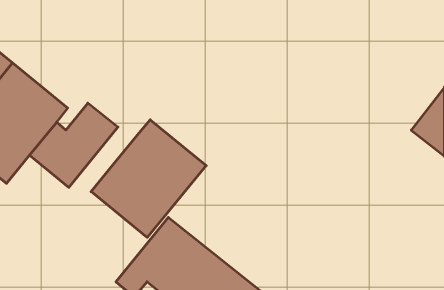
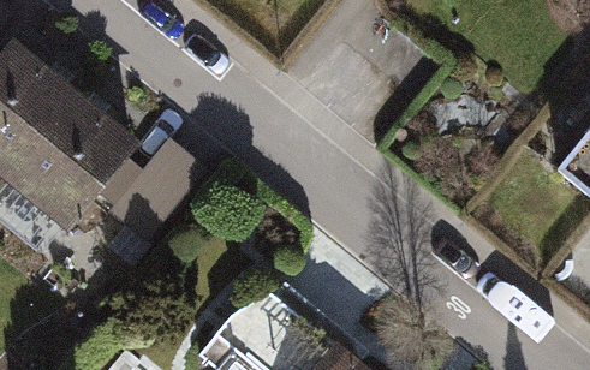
building: [91,120,206,237] -> none

